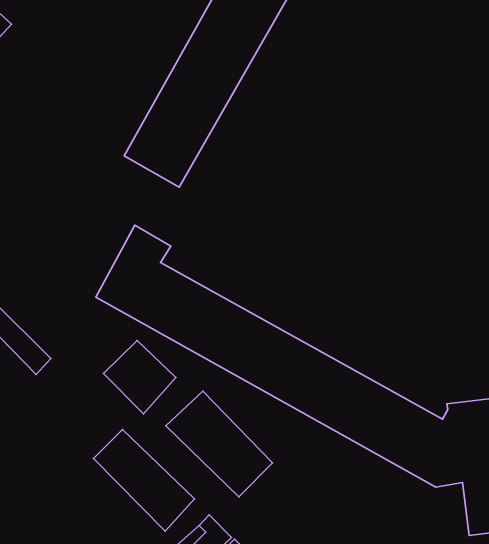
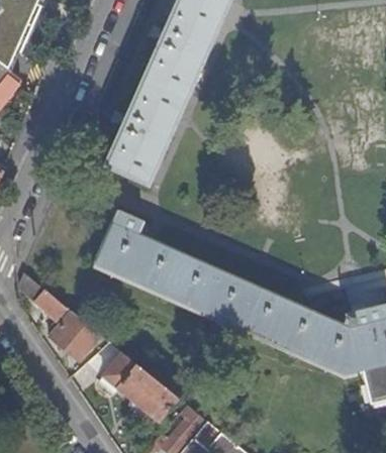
building: [104,340,176,414] -> [51,312,101,362]
building: [166,391,273,497] -> none

